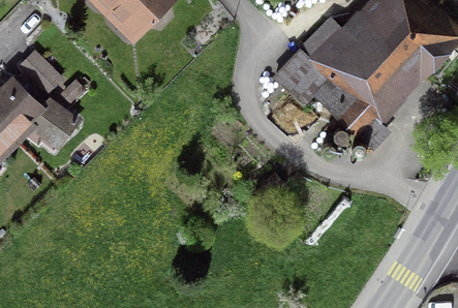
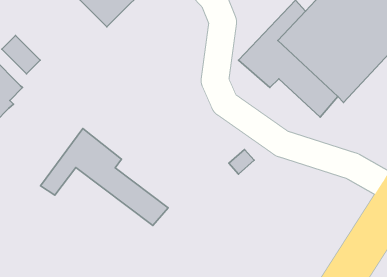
building: [30,96,82,150] -> none
building: none -> [40,129,168,226]

